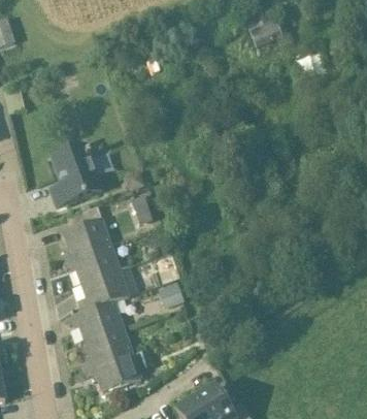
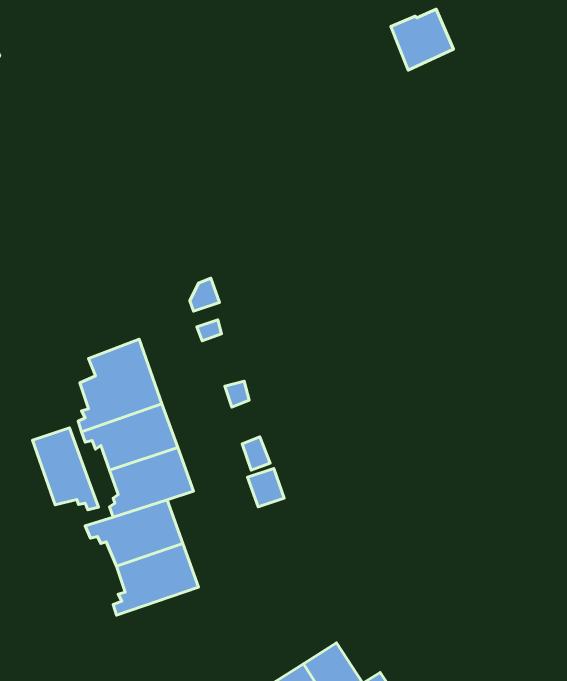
building: [48,144,102,207] -> none
building: none -> [33,428,99,510]
building: [84,353,141,393] -> none

